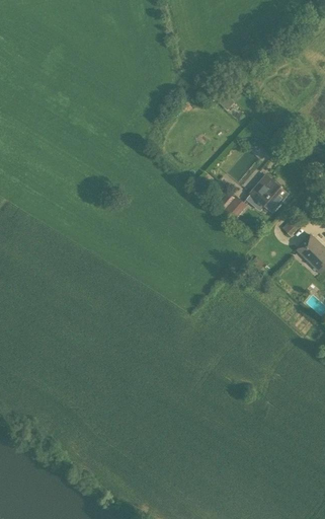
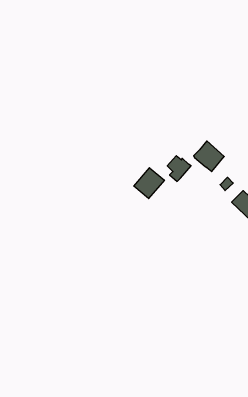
building: none -> [134,168,164,199]

